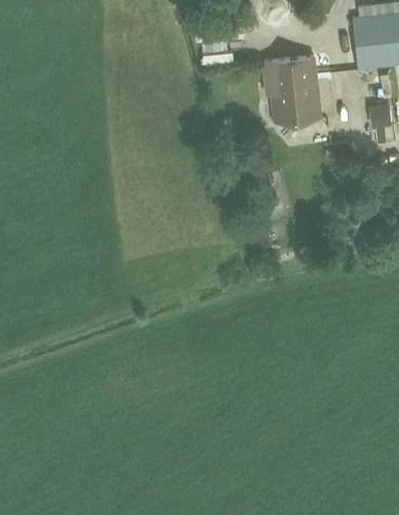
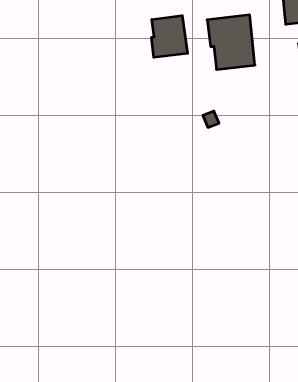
building: none -> [152,16,188,57]

